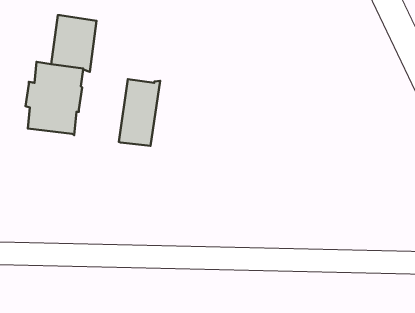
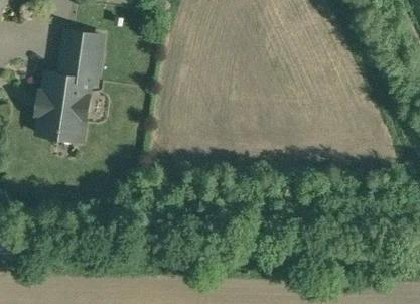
building: [119,79,160,146] -> none

